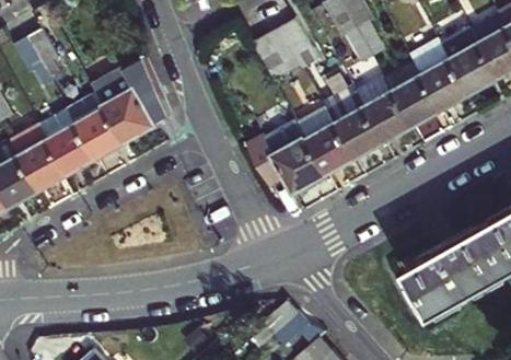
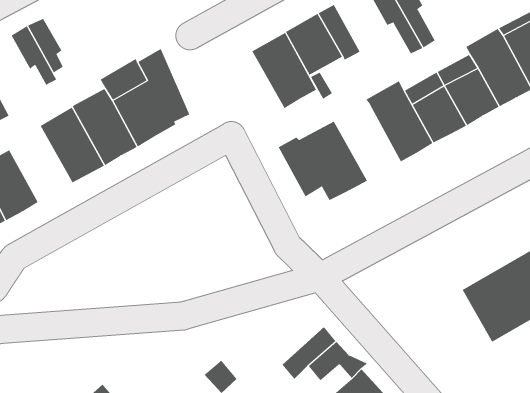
building: [297,107,353,174] -> [252,32,317,109]
building: [10,126,67,193] -> none

